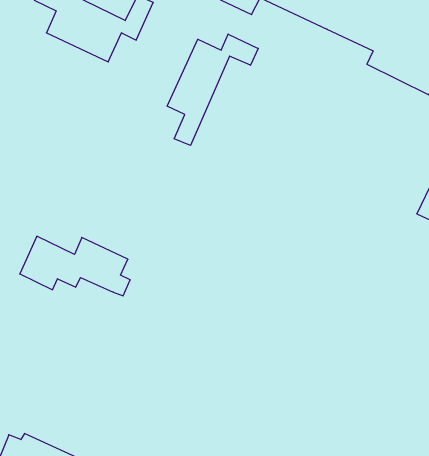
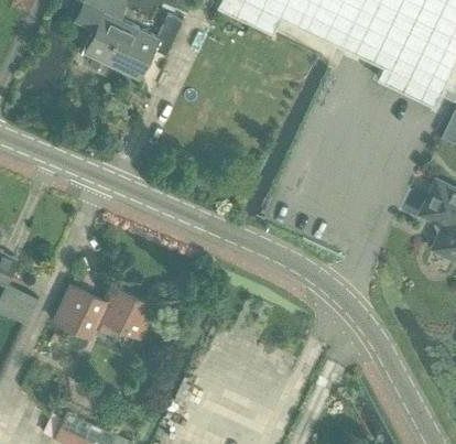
building: [167,34,258,145] -> none
building: [20,236,130,296] -> [57,286,158,340]

